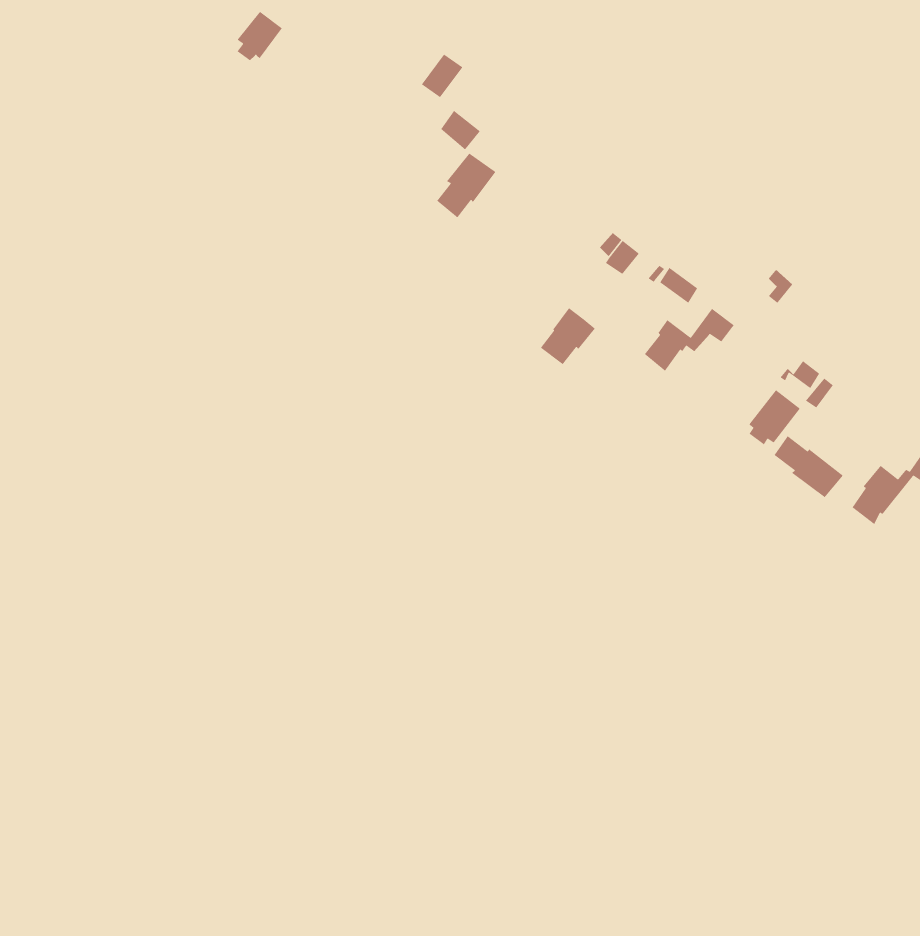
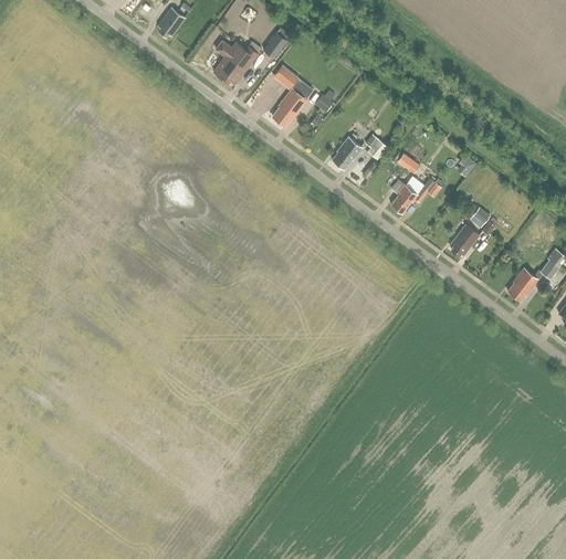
building: none -> [211,41,256,83]
building: [540,307,596,365] -> [329,136,361,169]
building: [774,435,844,498] -> none

